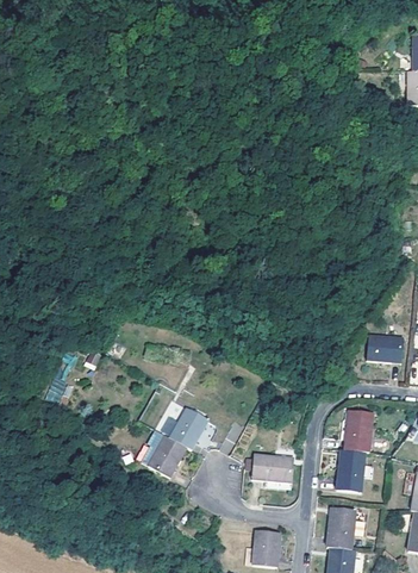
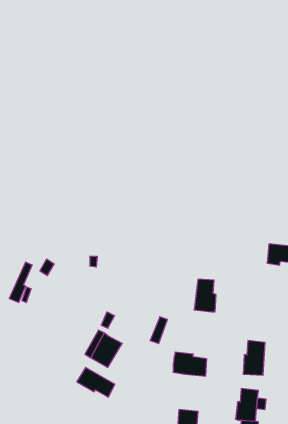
building: [342,411,369,451] -> [194,279,216,312]
building: [168,413,206,455] -> none
building: none -> [77,367,115,397]

